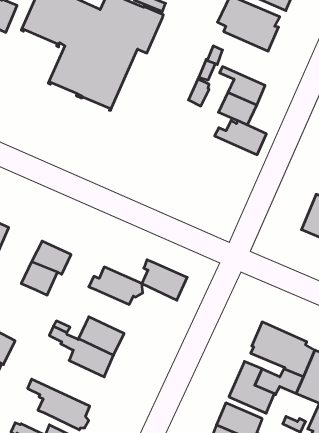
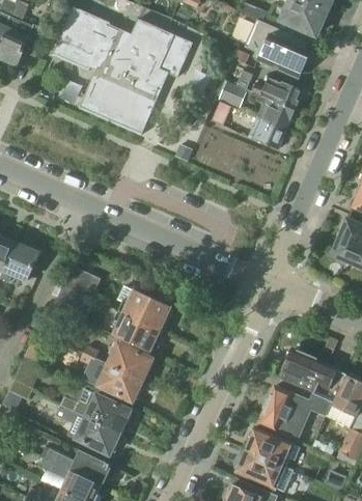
building: [215,120,266,155] -> [253,76,305,110]
building: [142,260,187,300] -> [114,311,160,352]
building: none -> [62,388,133,430]

